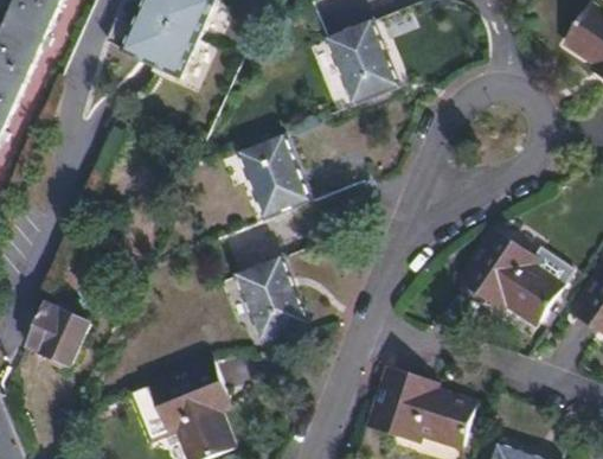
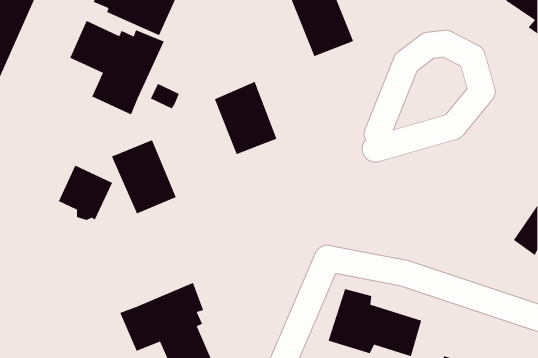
building: none -> [69,20,165,115]
building: [462,230,563,323] -> none
building: [238,256,312,340] -> [111,139,177,215]
building: [24,306,85,369] -> [58,164,113,221]

